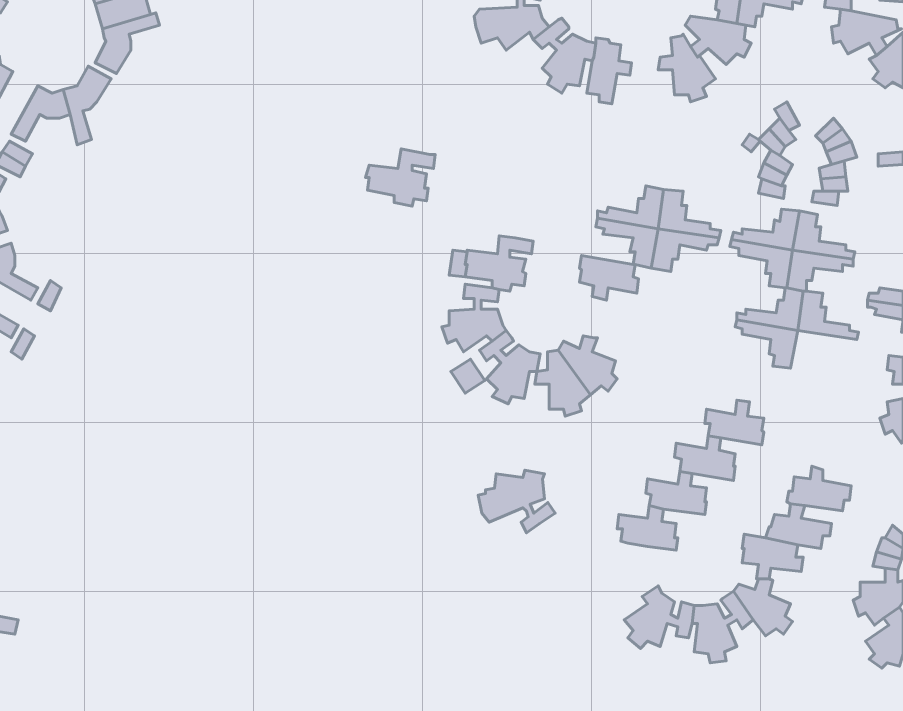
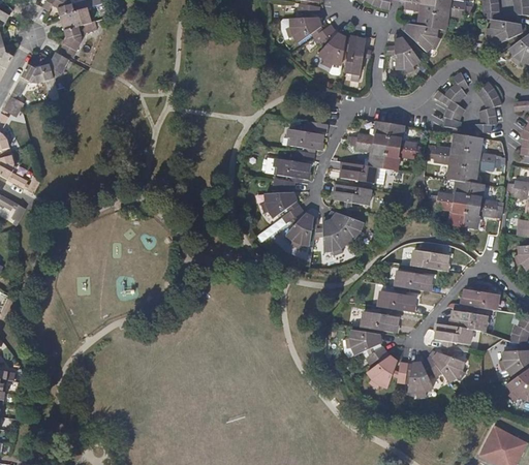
building: [366,149,435,206] -> [287,120,328,153]
building: none -> [334,183,369,209]
building: none -> [463,205,501,228]
building: [478,470,555,533] -> [342,328,386,364]

